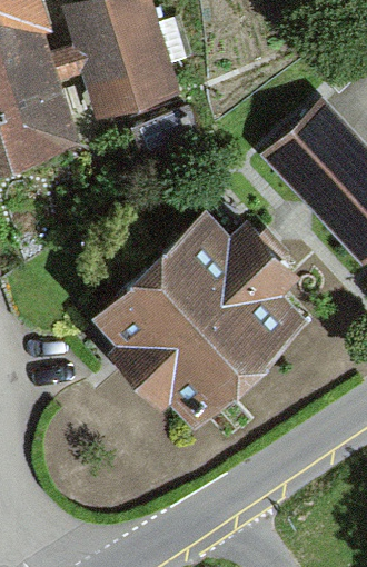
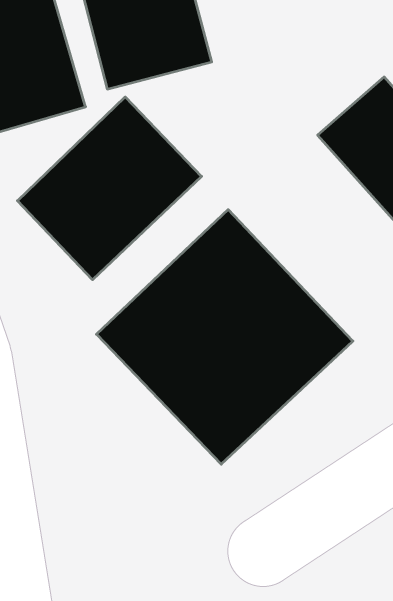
building: none -> [17,97,202,280]

